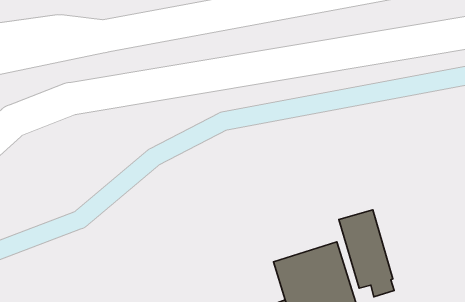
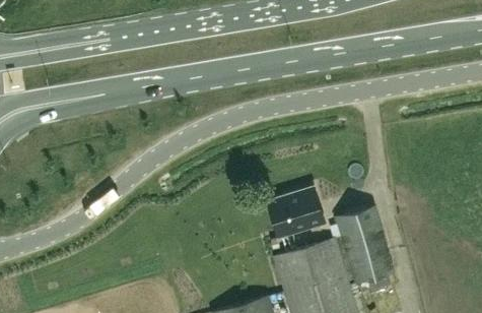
building: none -> [270,190,324,235]

